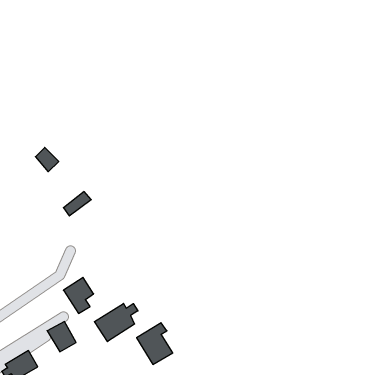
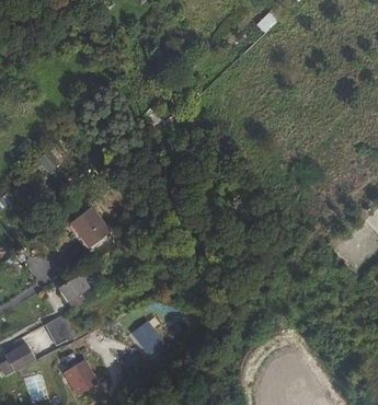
building: none -> [68,206,111,250]
building: [94,303,138,342] -> none

